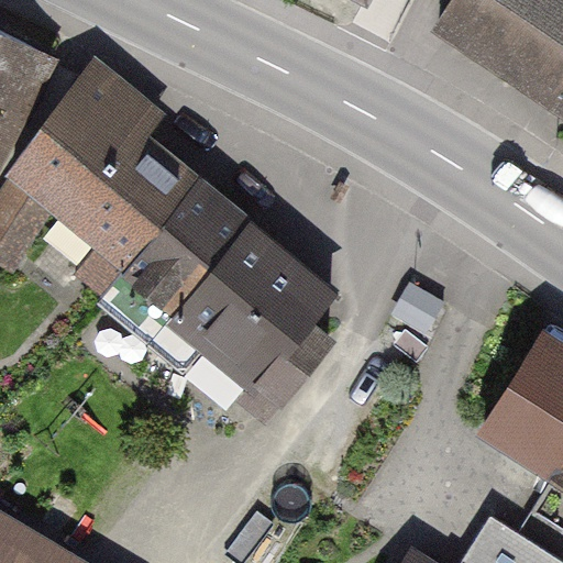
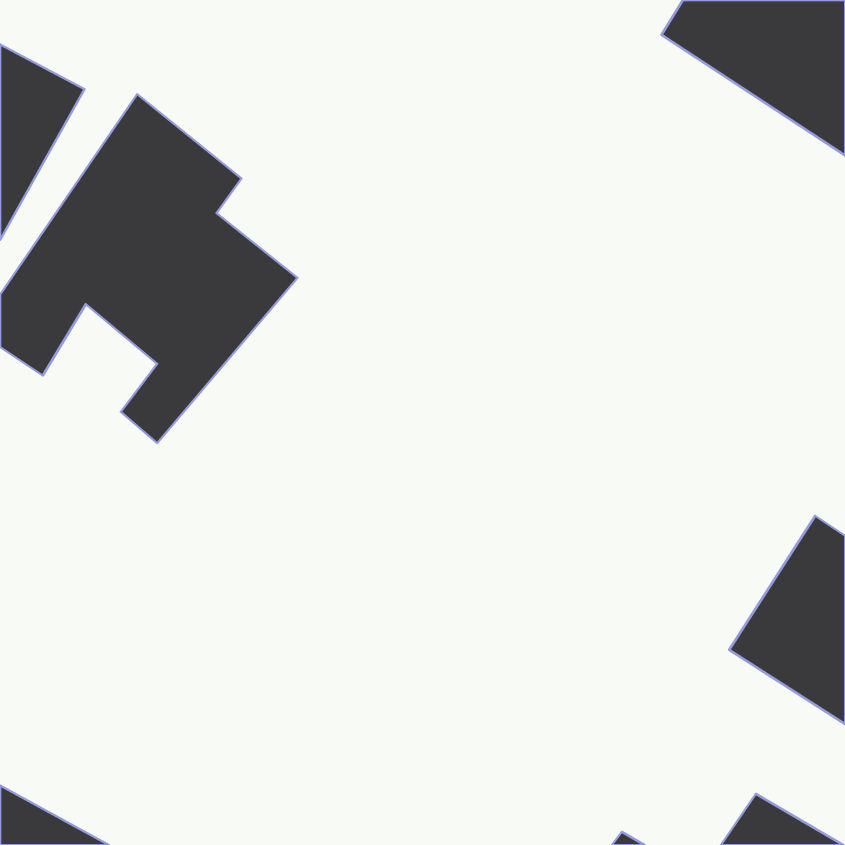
building: [104,185,333,404] -> none

